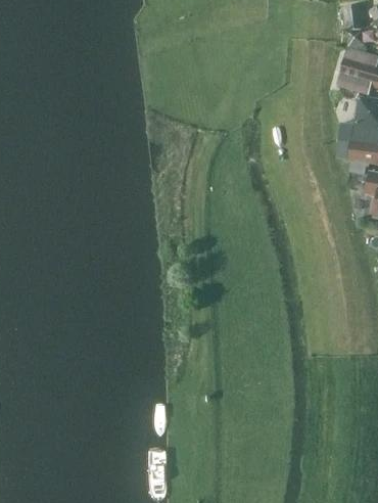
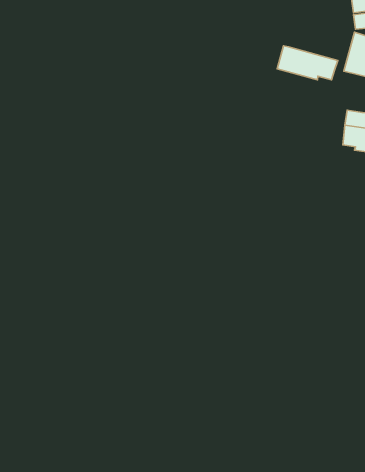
building: none -> [277,46,338,80]

